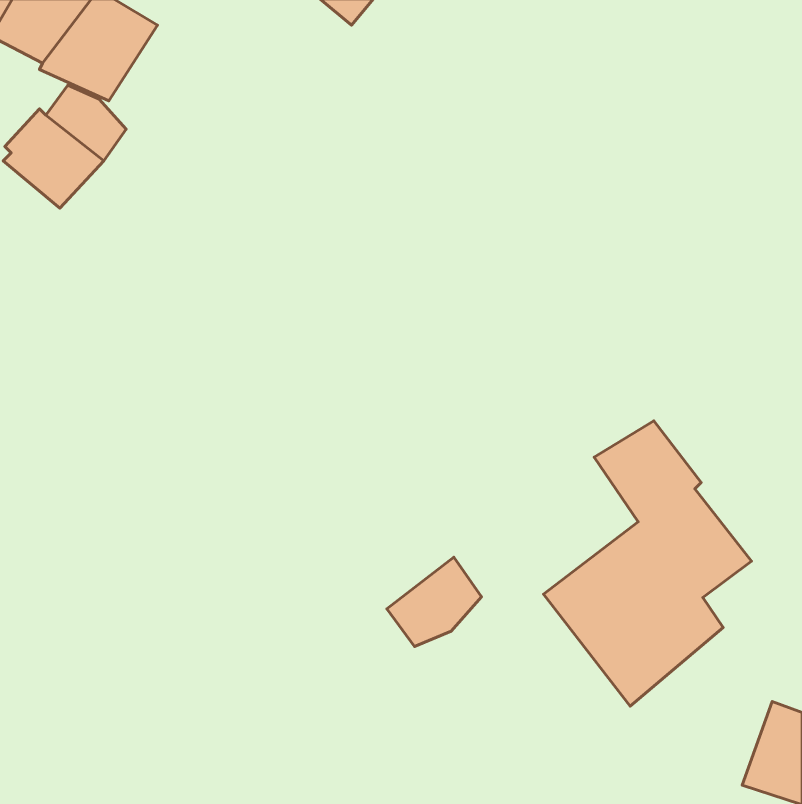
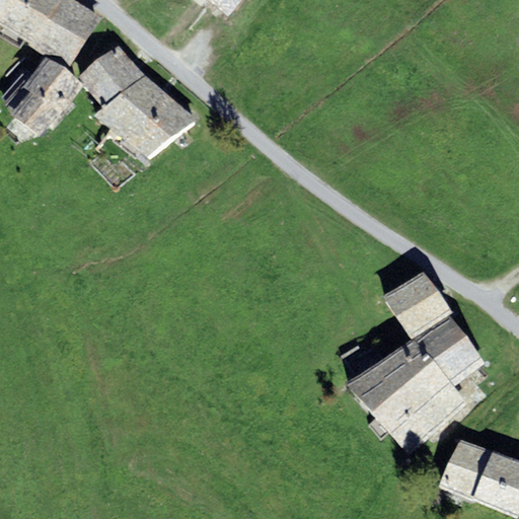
building: none -> [78,44,197,158]
building: [387,557,481,647] -> none
building: none -> [440,438,497,505]

